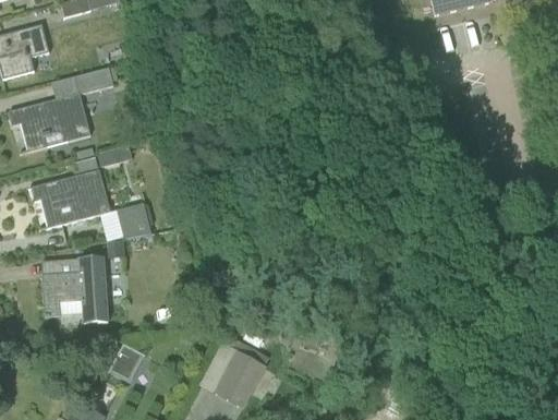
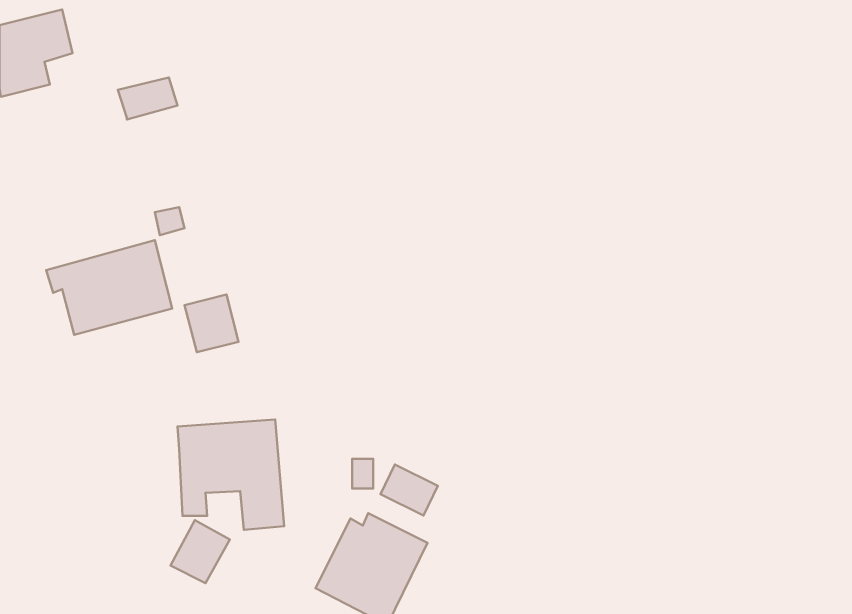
building: [8,92,90,151] -> none
building: [41,255,108,324] -> [177,419,284,530]
building: none -> [381,465,438,516]

